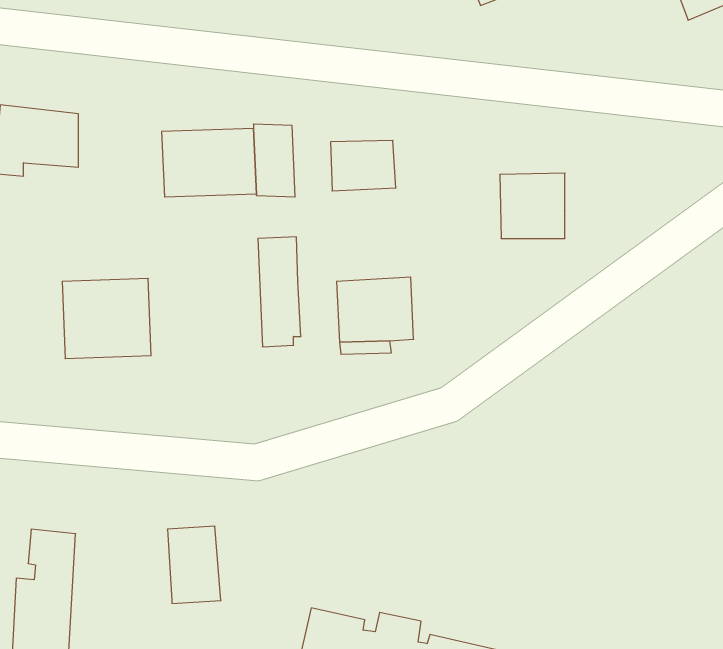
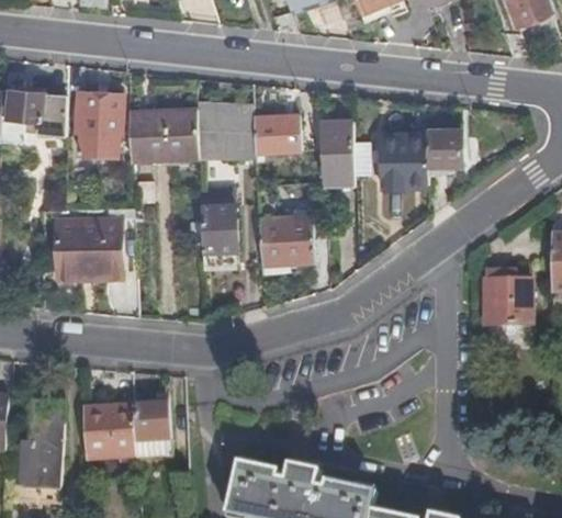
building: none -> [75,91,123,156]
building: none -> [224,104,255,158]
building: none -> [317,119,353,179]
building: none -> [425,124,461,167]
building: none -> [484,270,531,324]
building: none -> [81,403,135,459]

